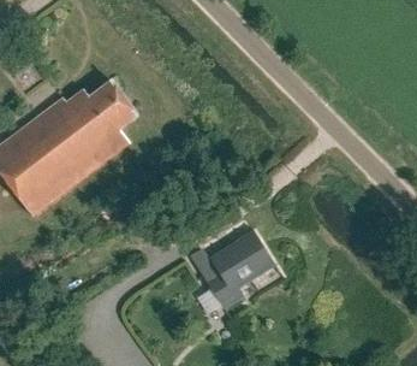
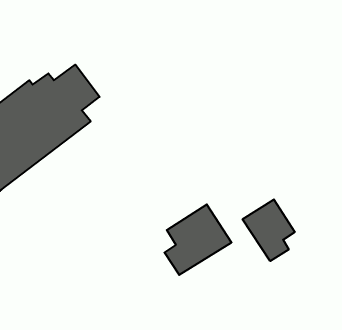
building: none -> [243,199,295,261]

